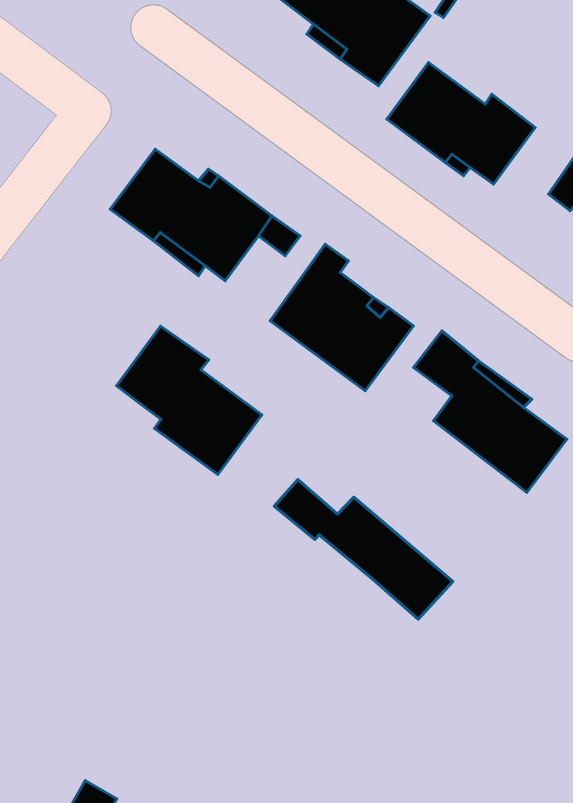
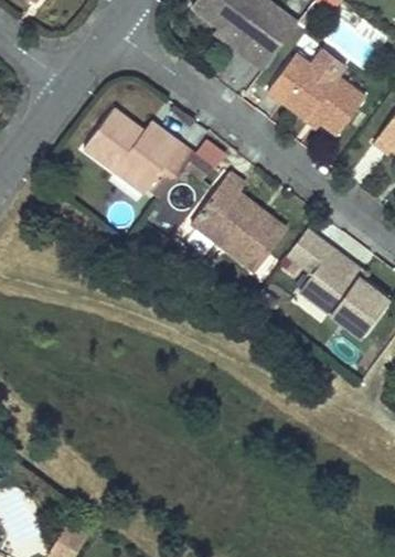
building: [117,326,262,474] -> none
building: [274,480,453,619] -> none

